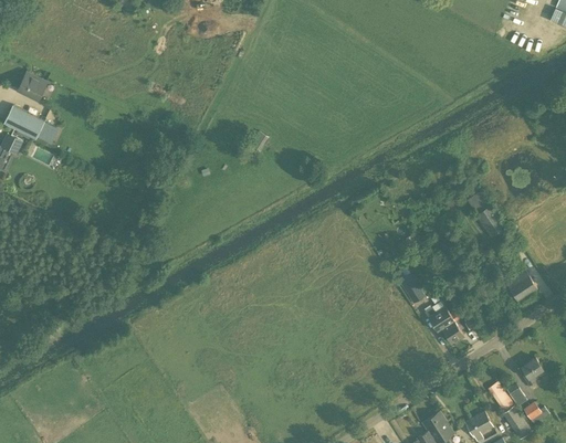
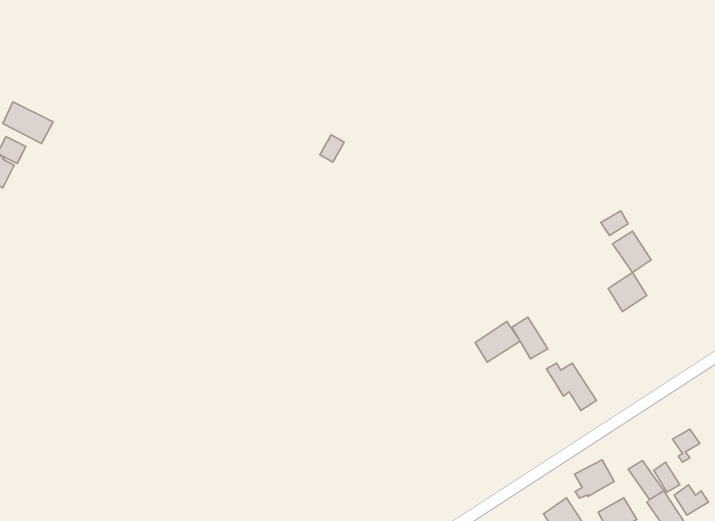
building: [18,72,48,101] -> none
building: [506,271,536,300] -> [608,273,647,311]
building: none -> [475,321,520,362]
building: none -> [575,460,614,498]

